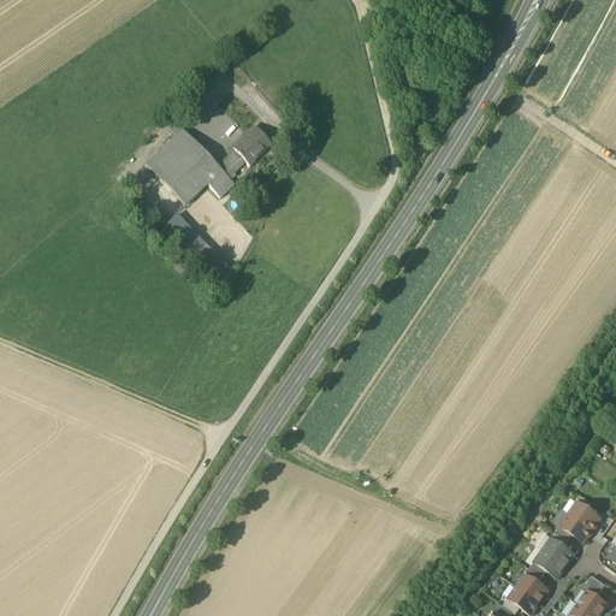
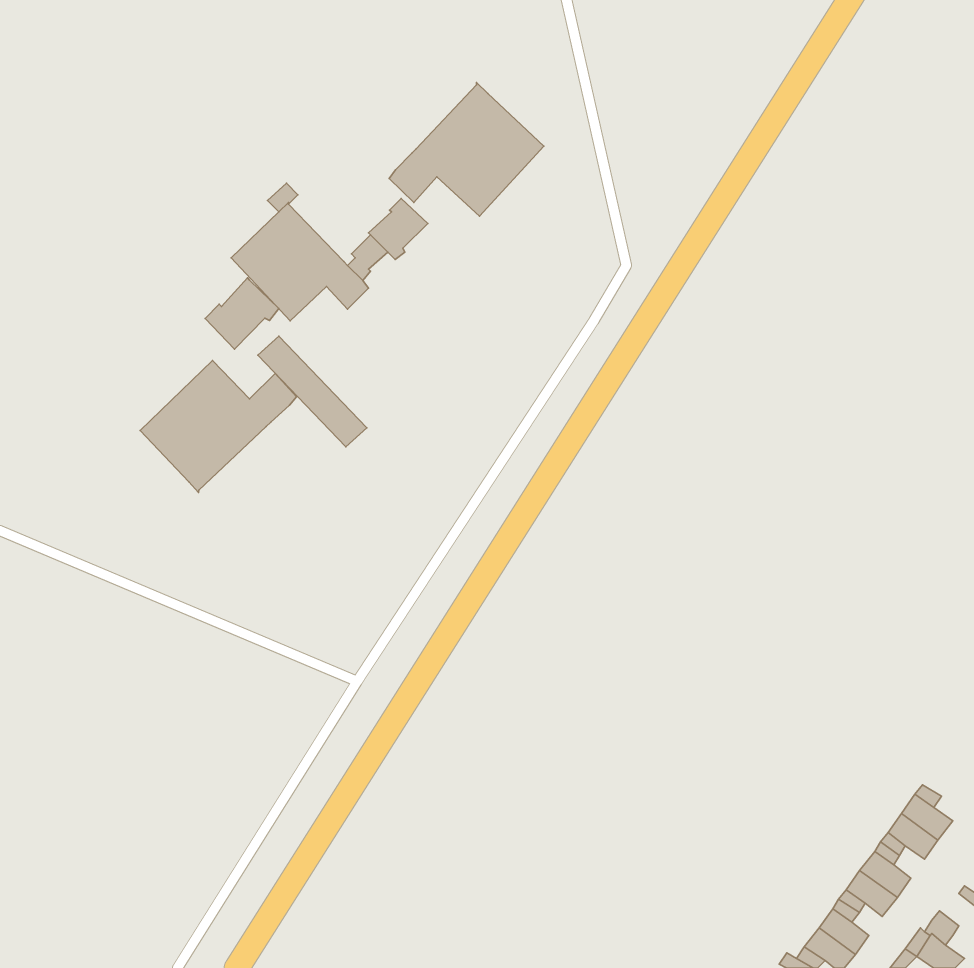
building: none -> [389,83,544,216]
building: none -> [205,278,279,349]
building: none -> [140,360,297,492]

